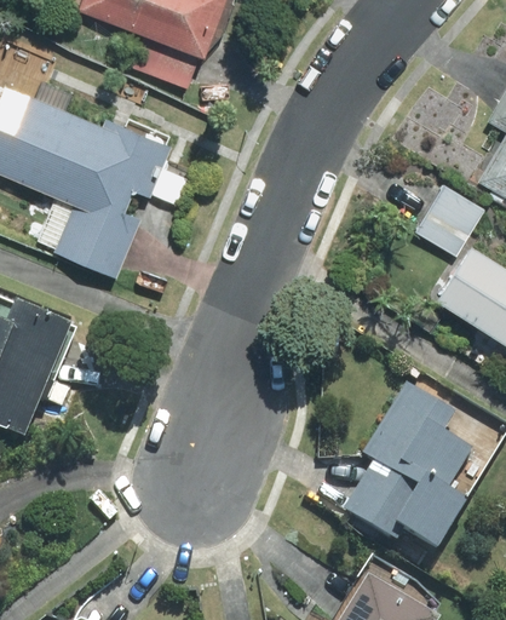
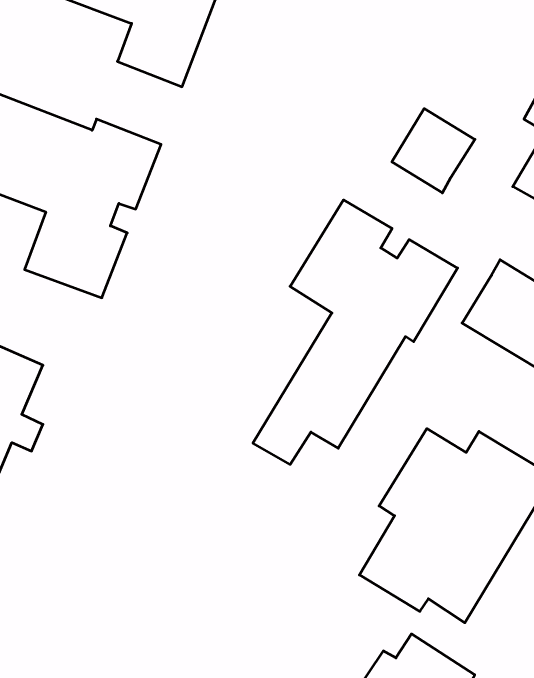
building: [412,182,483,254] -> [392,109,475,193]
building: none -> [253,200,458,464]

